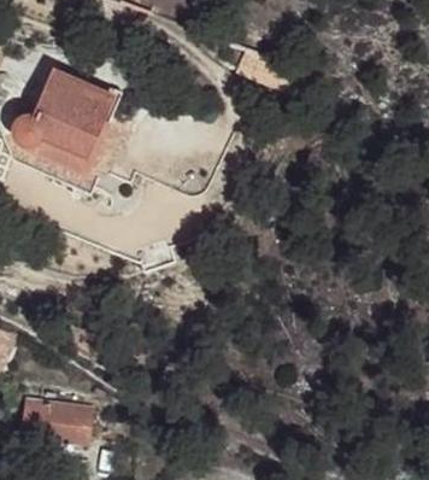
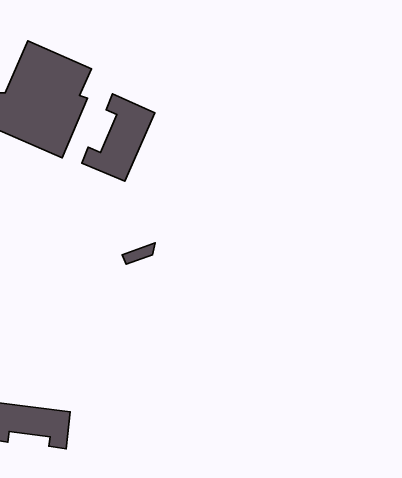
building: none -> [82,94,155,181]

